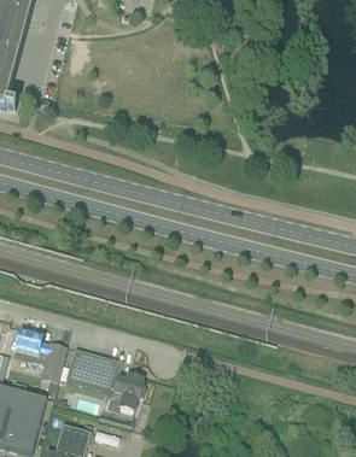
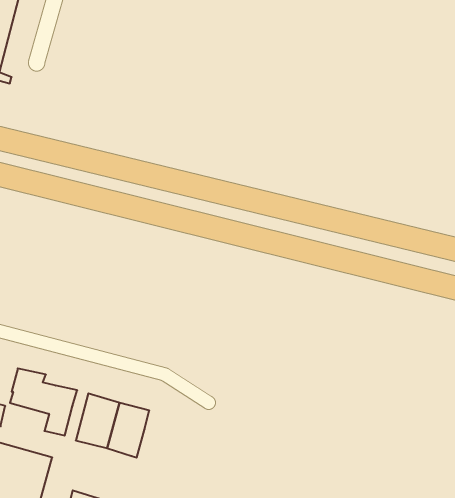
building: [103,371,142,411] -> none

